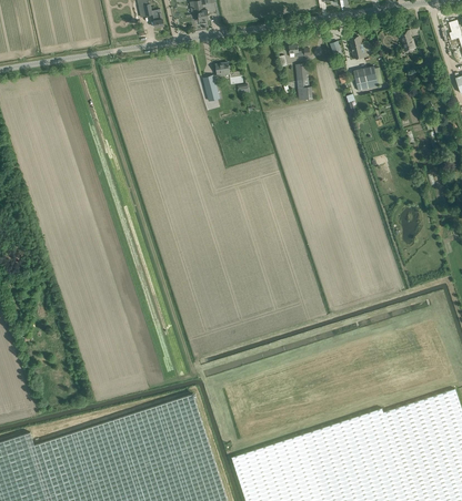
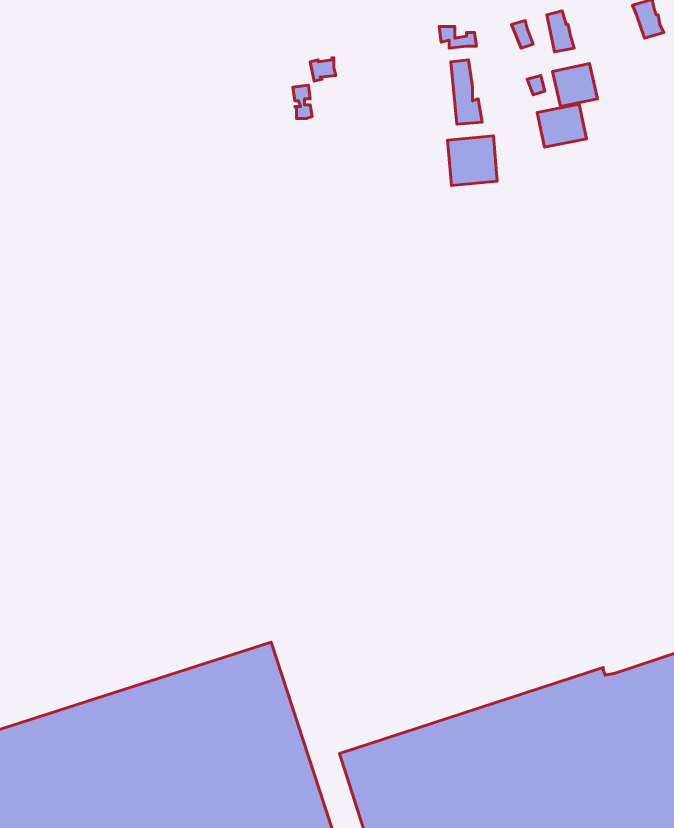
building: none -> [537,104,587,147]
building: none -> [448,136,497,185]

